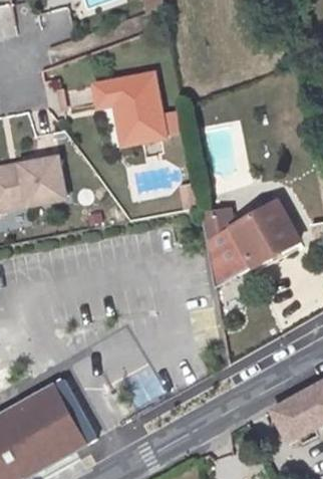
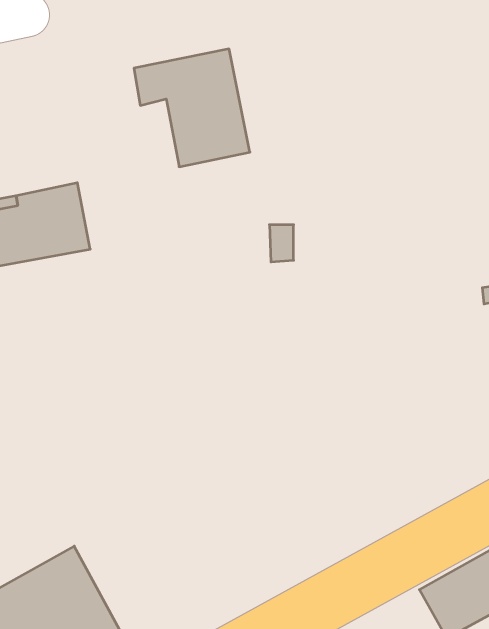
building: [205,200,305,293] -> none

